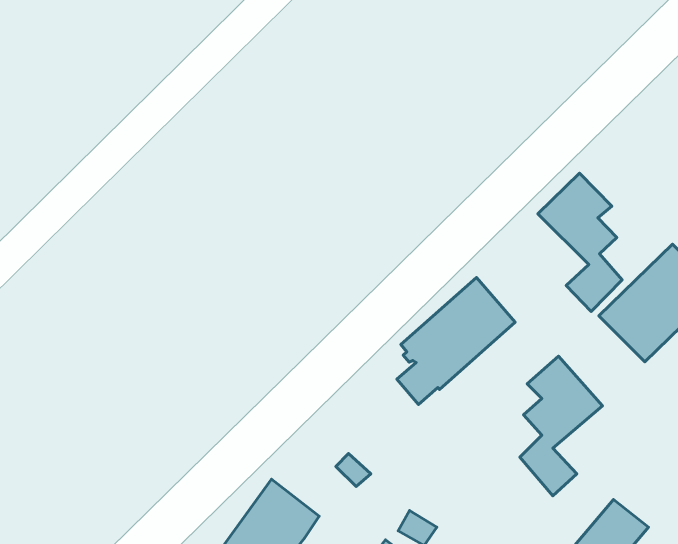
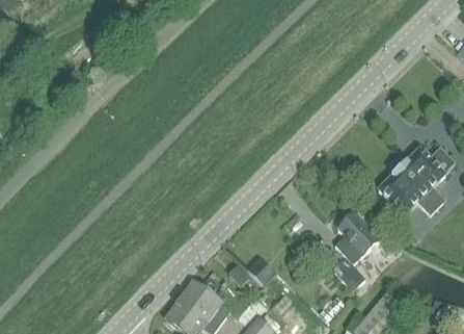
building: [538,173,622,312] -> none
building: [397,277,515,404] -> none

